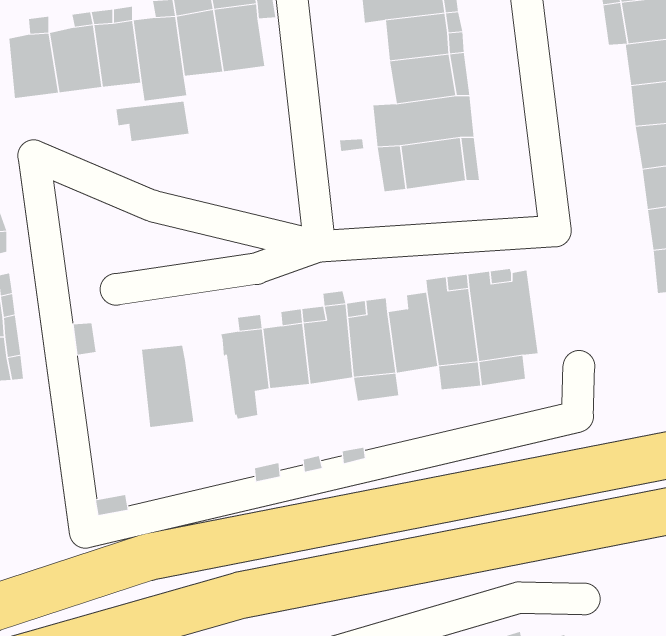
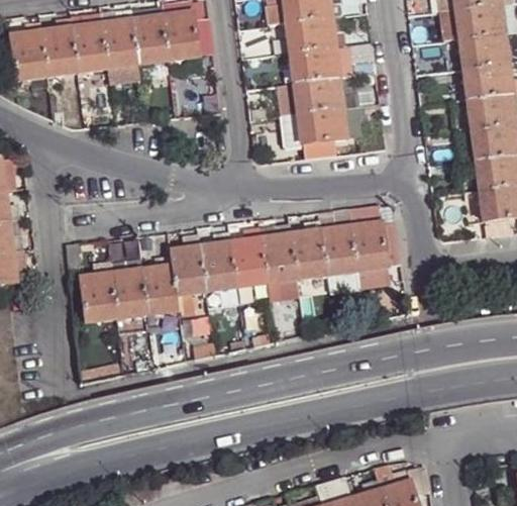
building: [116,101,189,142] -> none
building: none -> [141,258,177,317]
building: none -> [79,265,115,325]

